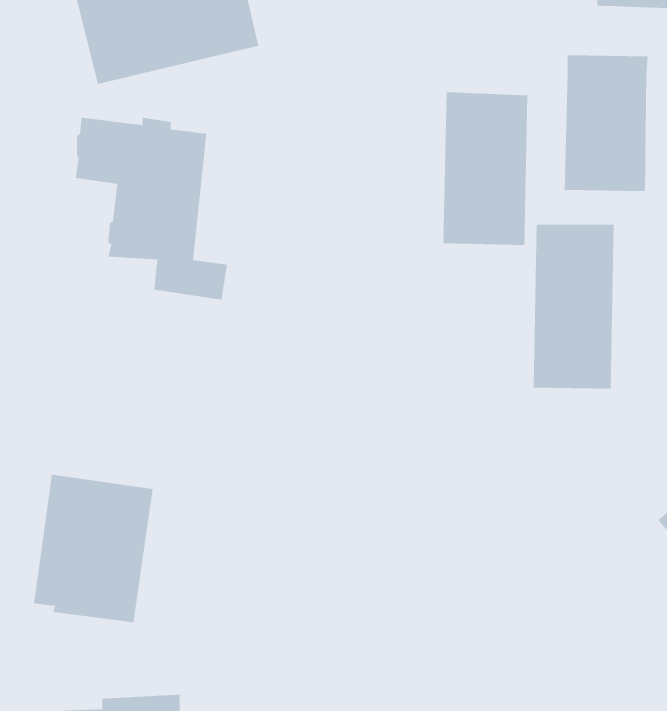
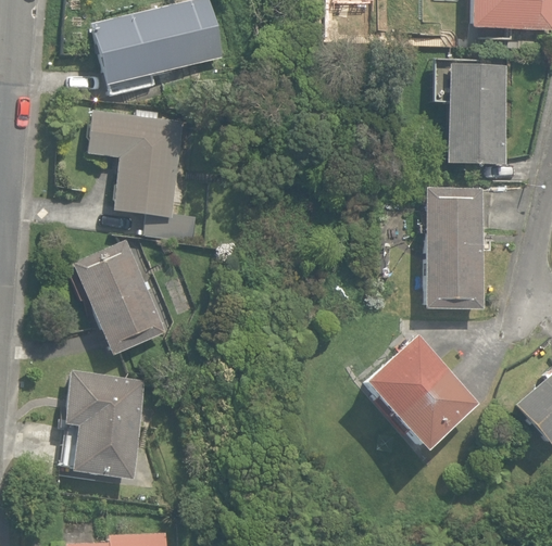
building: [443,92,528,246] -> none
building: none -> [73,240,166,354]
building: none -> [361,334,475,449]

